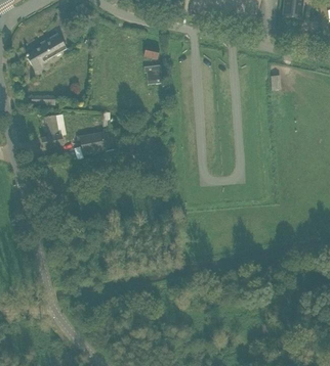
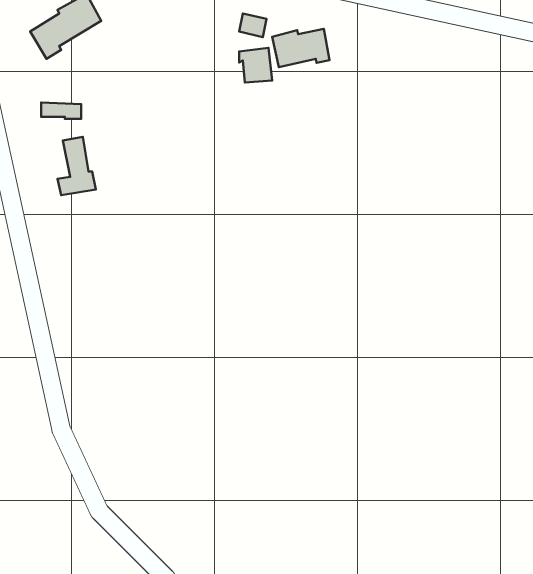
building: none -> [272,29,330,67]
building: [79,131,107,154] -> none

